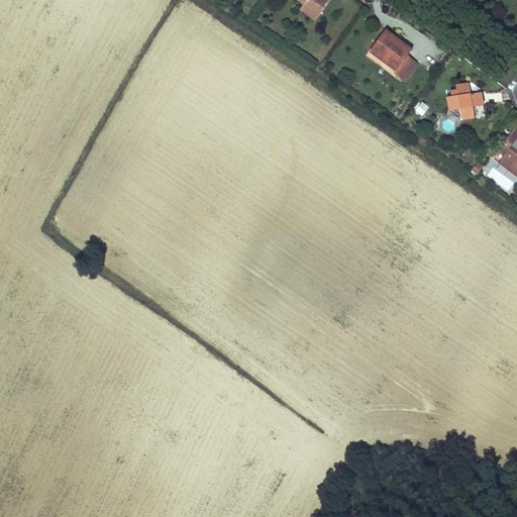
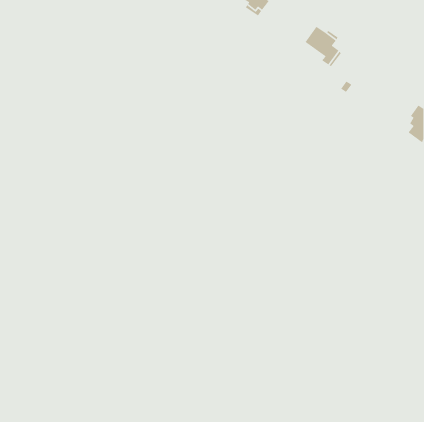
building: [445,82,485,118] -> none

